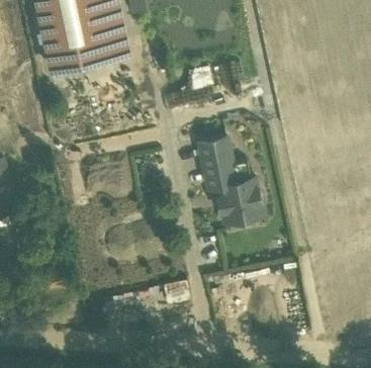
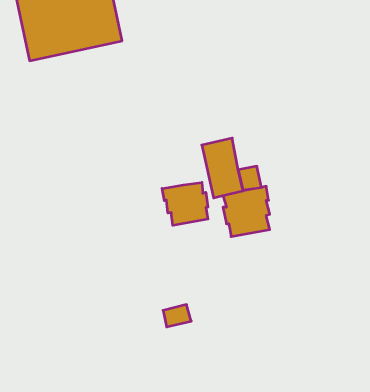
building: none -> [162,182,208,225]

